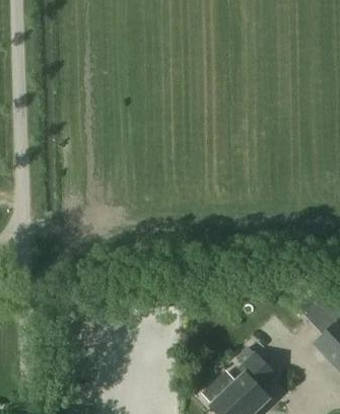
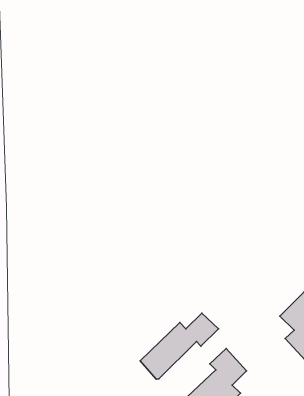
building: none -> [140,313,219,379]

